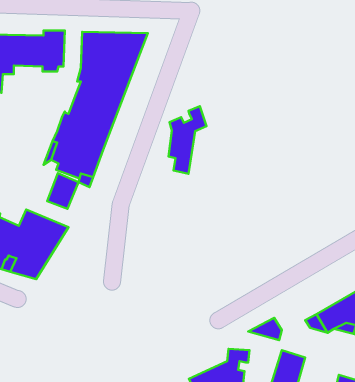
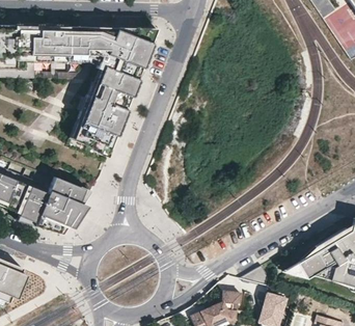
building: none -> [86,26,102,65]
building: [169,106,207,174] -> none
building: [47,173,78,209] -> none

